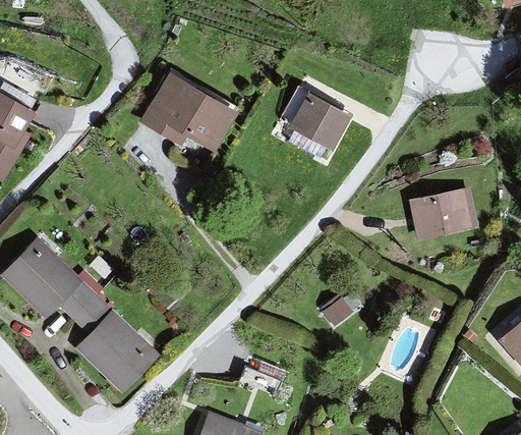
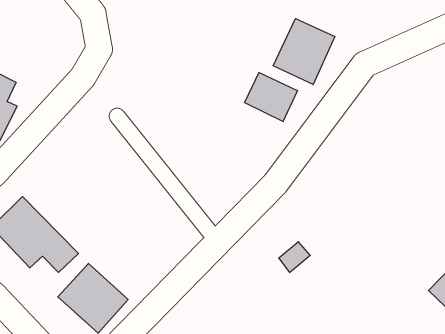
building: none -> [273,19,335,85]
building: [140,76,229,154] -> none
building: [411,186,479,241] -> none

